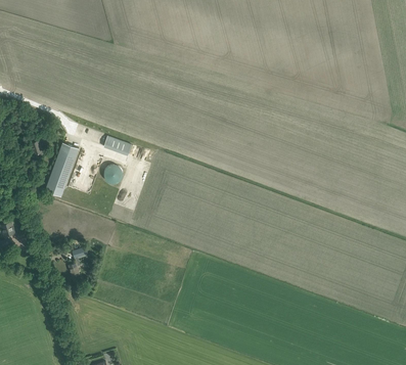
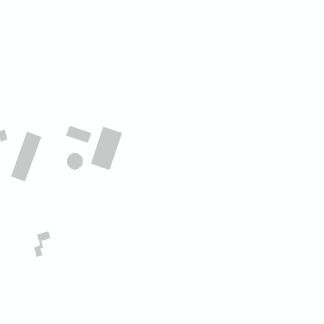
building: none -> [90,126,123,171]

